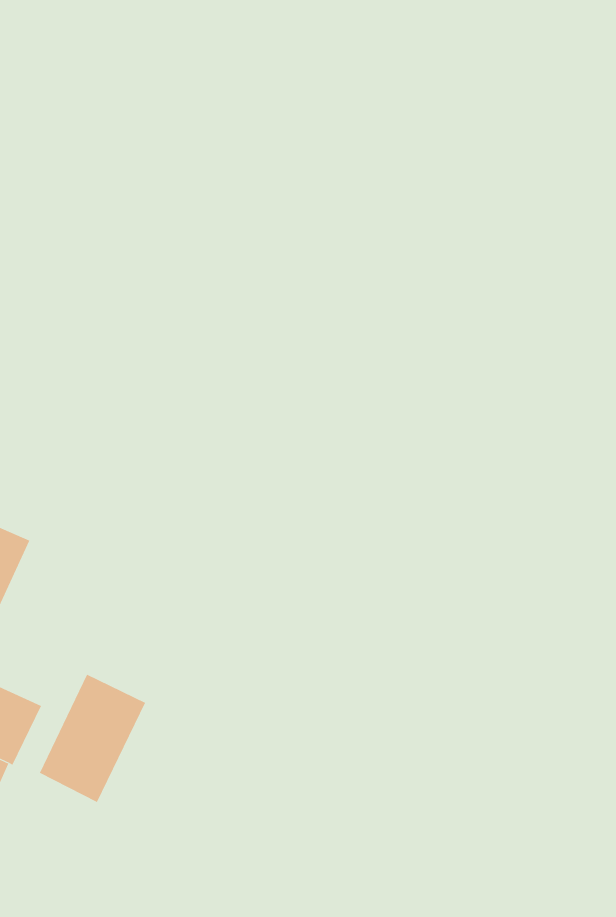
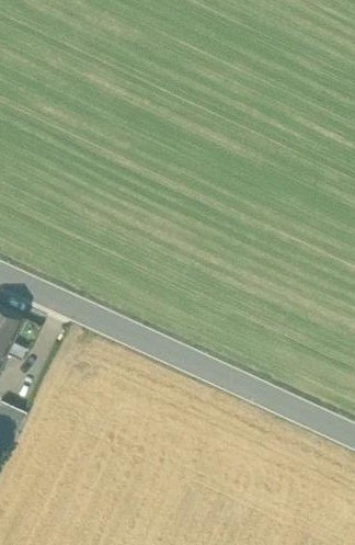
building: [39,674,146,803] -> none

